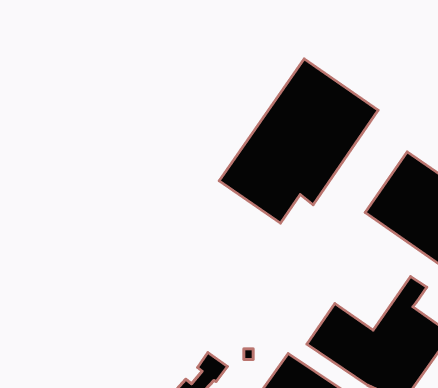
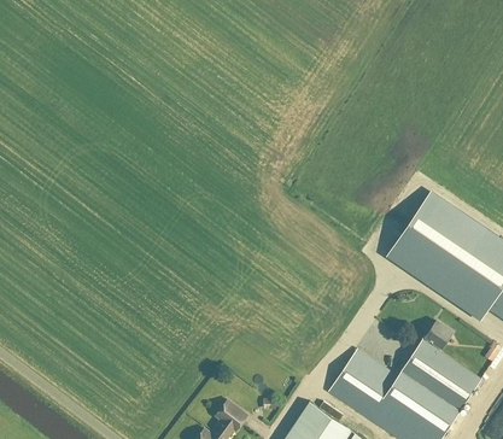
building: [219,59,378,223] -> none

